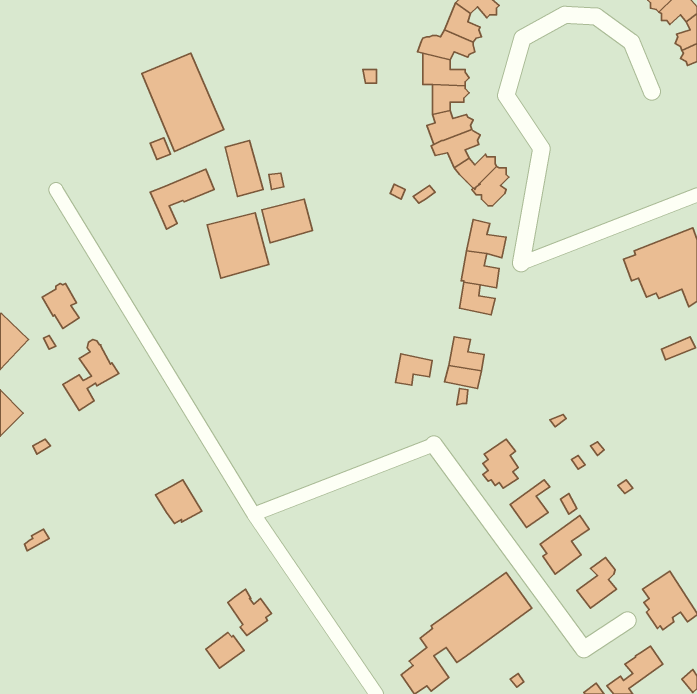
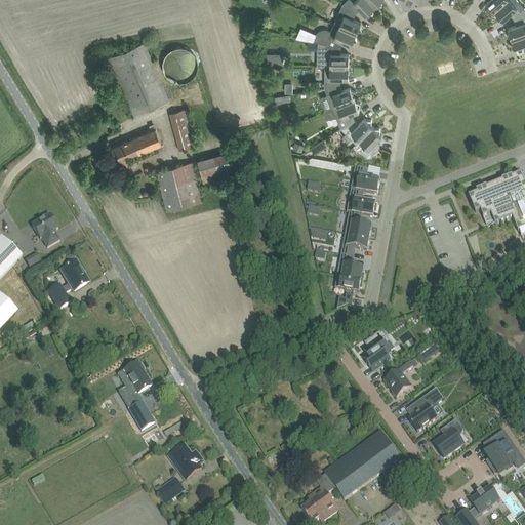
building: none -> [162,44,198,80]
building: [395,354,432,385] -> [341,232,369,255]
building: none -> [128,400,155,430]

